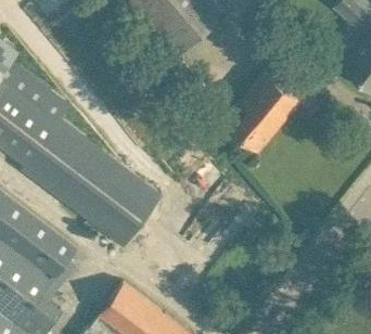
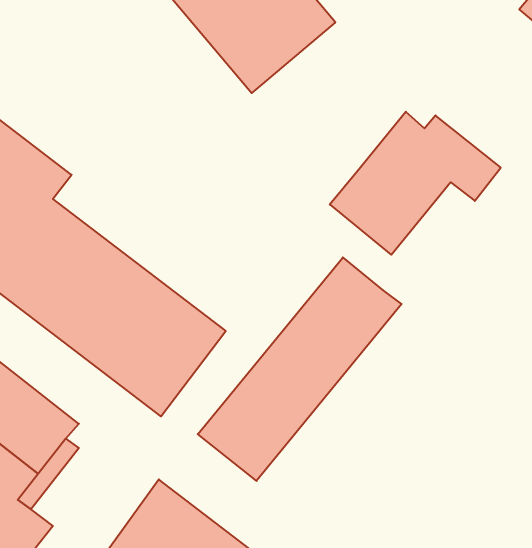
building: none -> [198,257,402,481]

